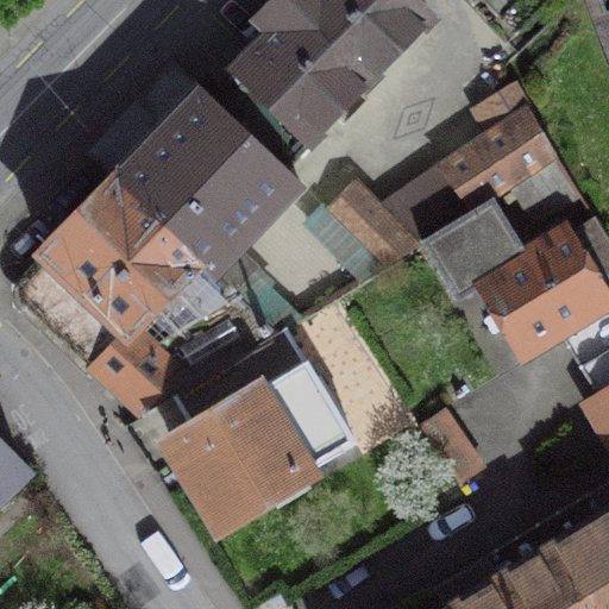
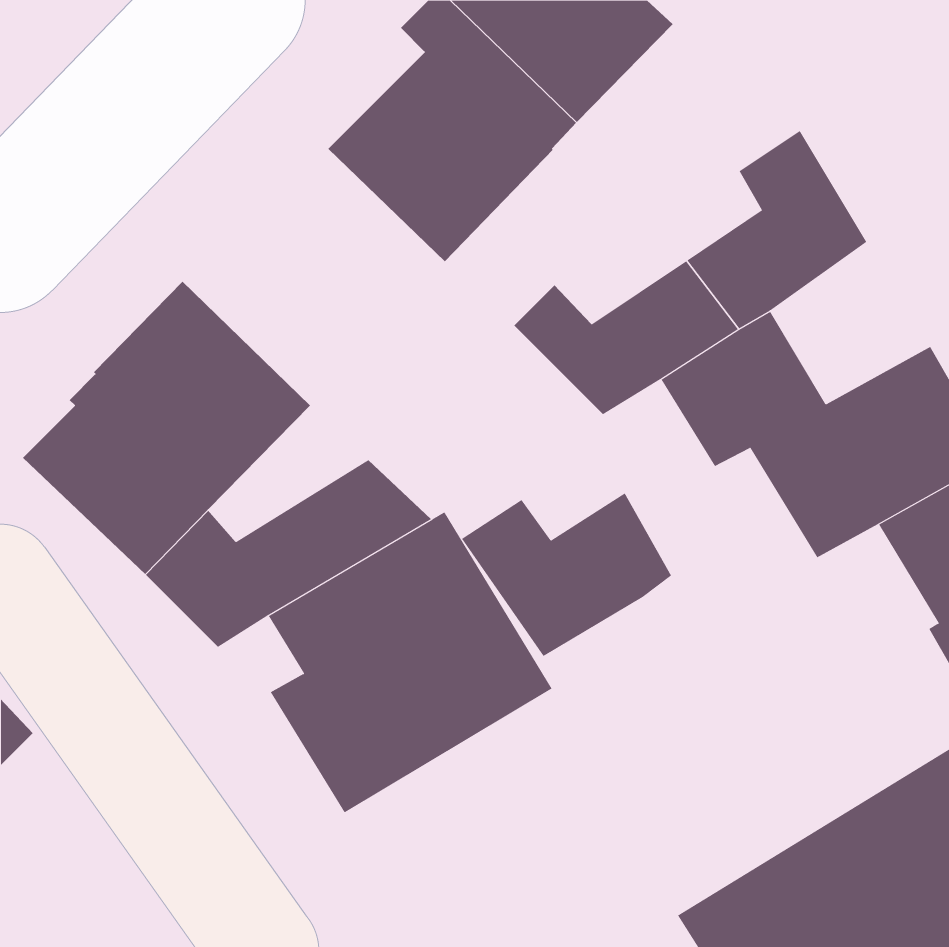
building: [118,93,299,291] -> none
building: none -> [461,493,672,657]

